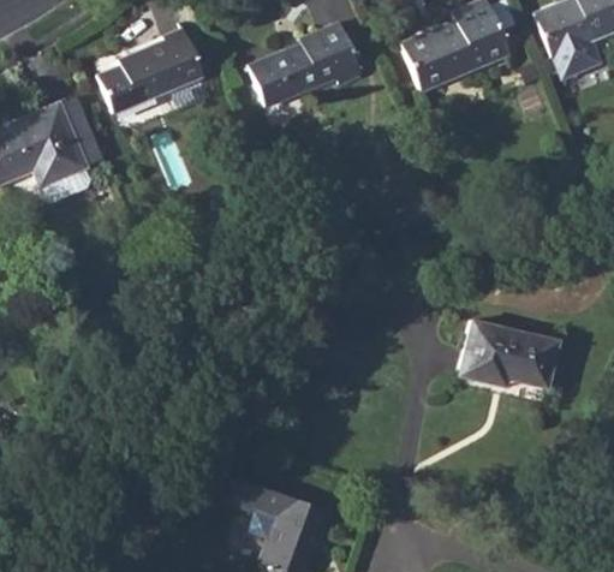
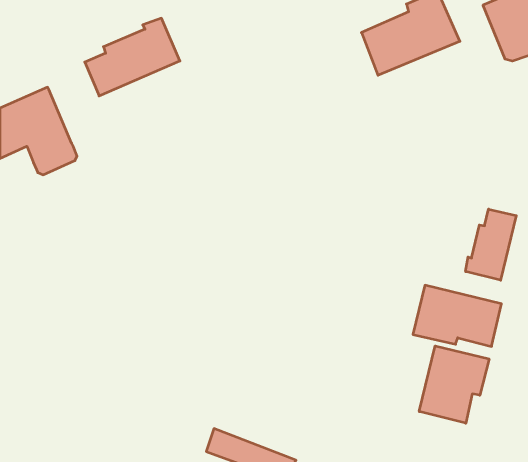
building: [250,22,363,107] -> none
building: none -> [466,209,516,280]
building: none -> [419,346,489,423]

